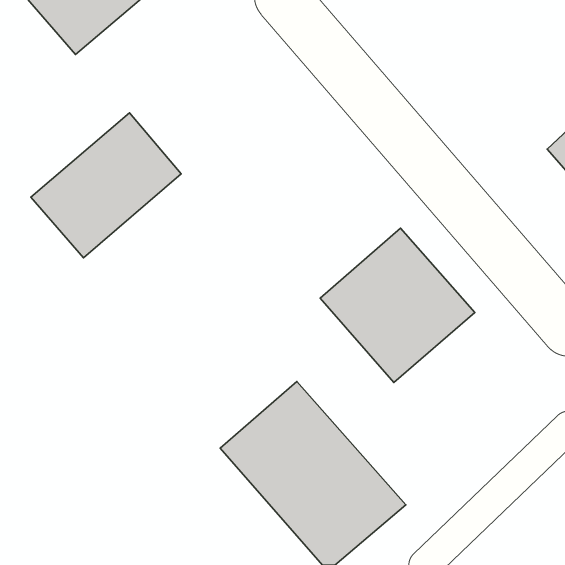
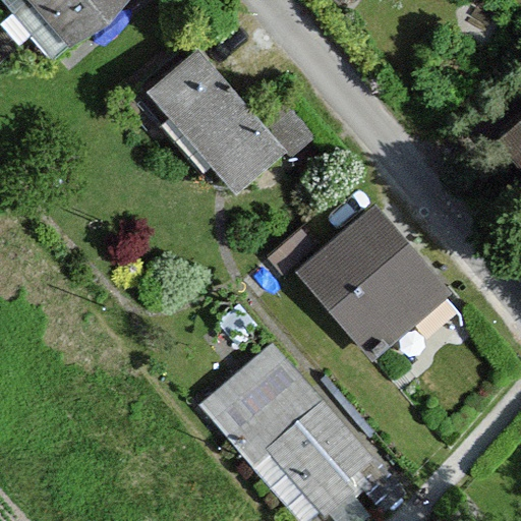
building: none -> [149,48,287,193]
building: [31,113,181,258] -> none

